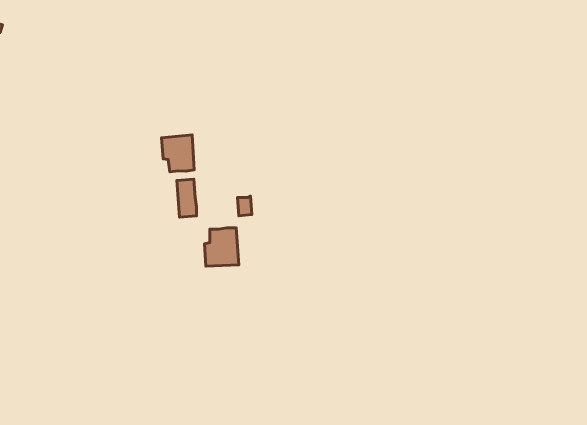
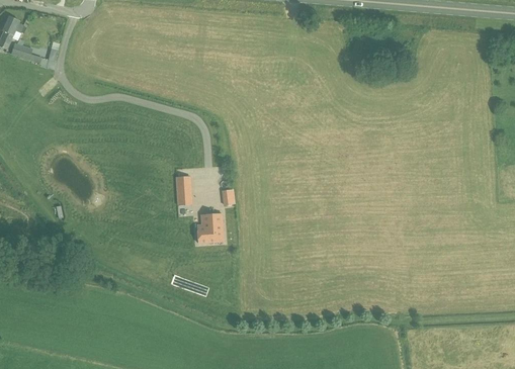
building: [162,135,194,172] -> none

